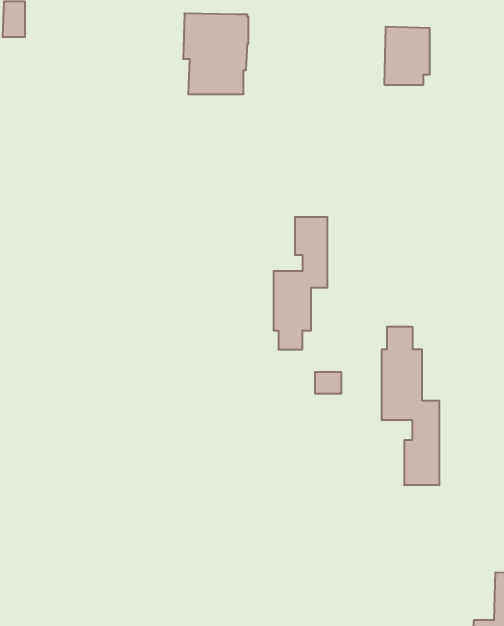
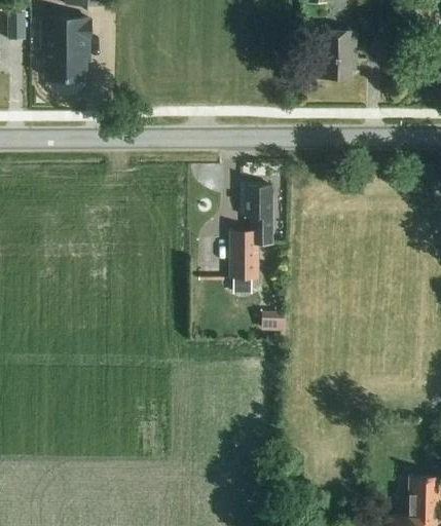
building: [183,13,249,94] -> [39,15,93,81]
building: [382,327,439,485] -> none

